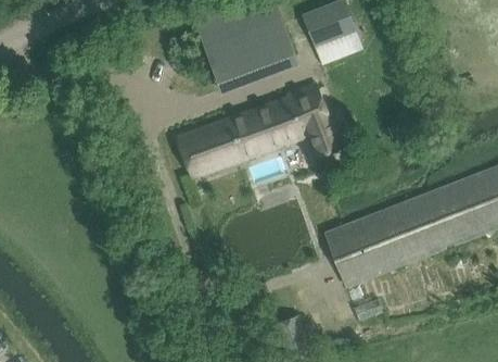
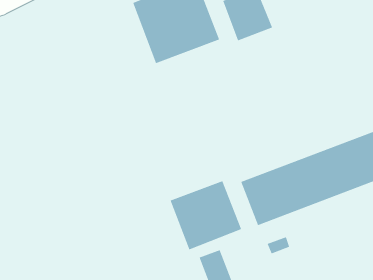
building: [177,79,340,176] -> none
building: none -> [169,180,242,251]

